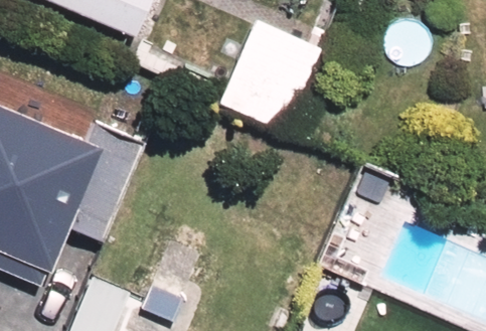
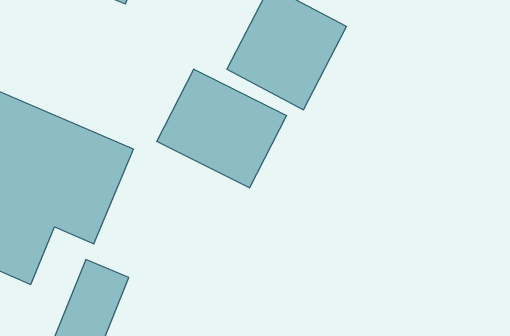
building: none -> [157,69,287,188]

